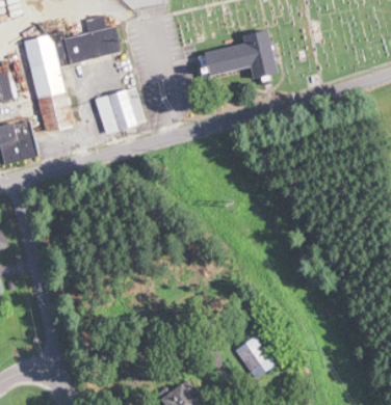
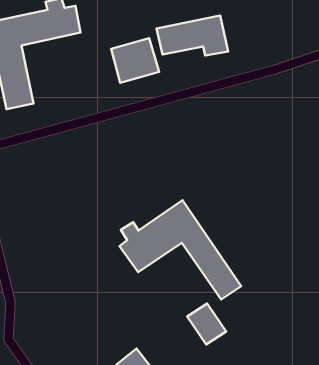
building: [96,86,146,133] -> [111,38,159,83]
building: none -> [119,200,241,300]

